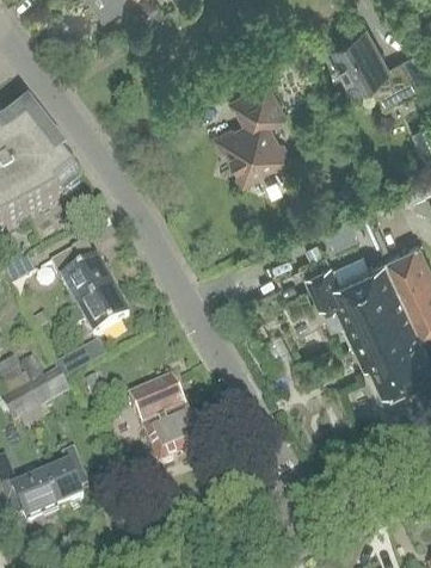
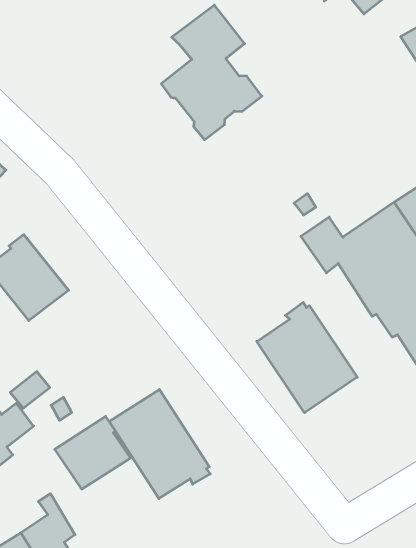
building: [76,288,128,334] -> none
building: none -> [257,302,357,413]
building: none -> [55,416,131,489]

